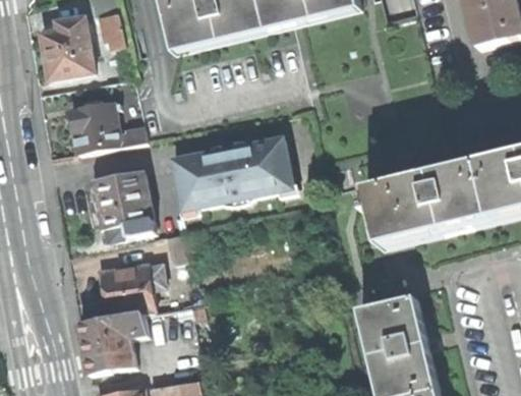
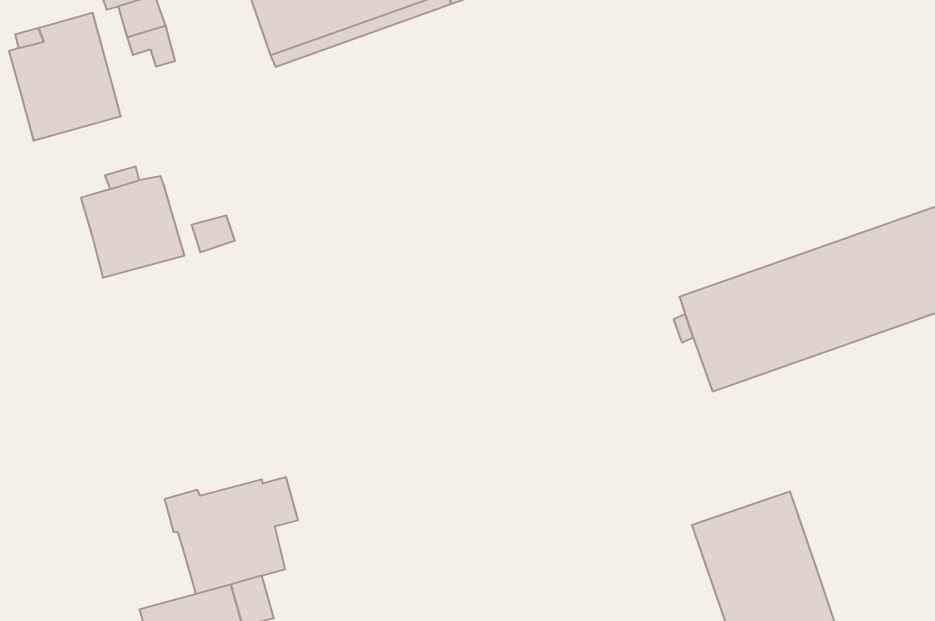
building: [170,137,291,211] -> none
building: [90,171,152,240] -> none

